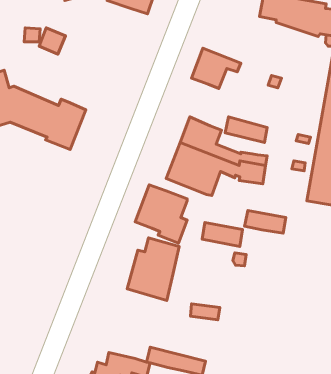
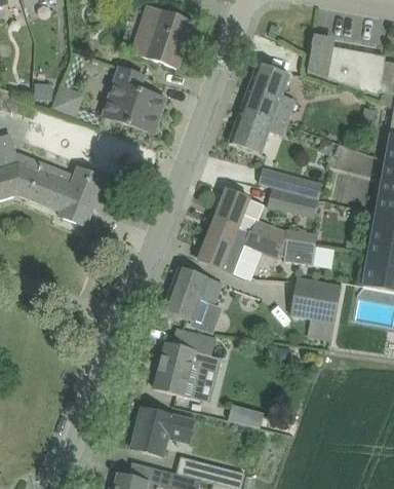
building: none -> [242,62,296,124]
building: none -> [103,65,166,133]
building: none -> [258,166,321,199]
building: [202,223,243,246] -> [294,276,342,304]
building: none -> [132,407,195,456]

